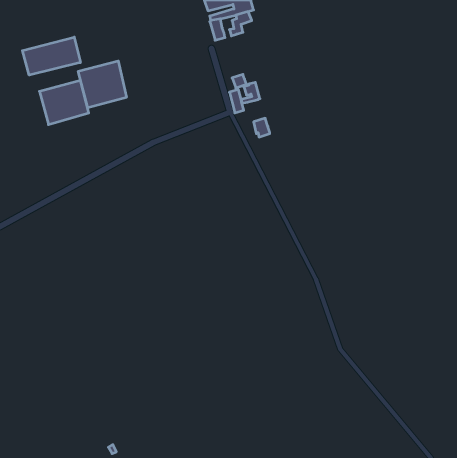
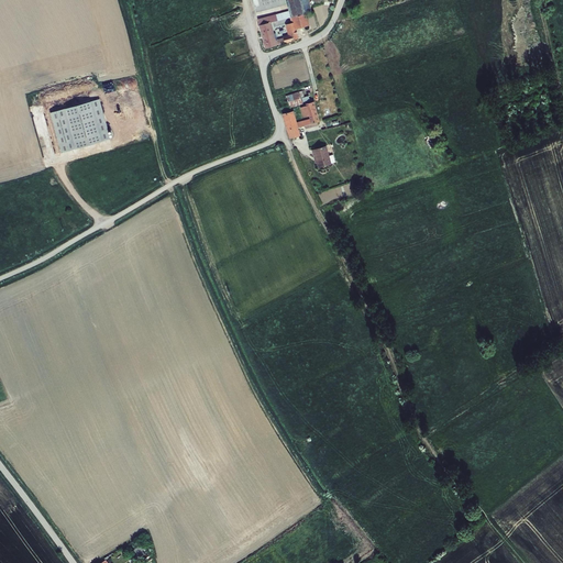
building: [22,37,80,75] -> none
building: [78,61,126,108] -> none

